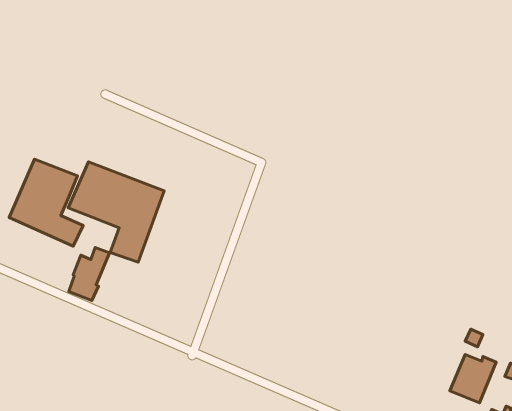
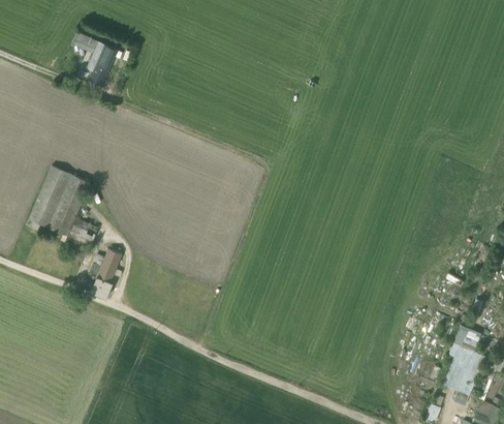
building: none -> [70,32,117,86]
building: [68,162,164,262] -> none

